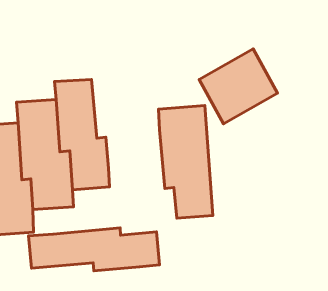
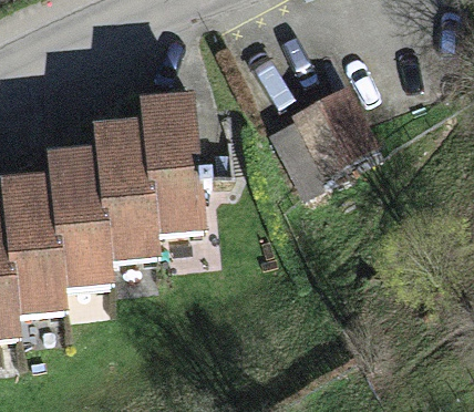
building: [159,105,213,218] -> [137,94,204,233]
building: [29,228,160,271] -> none

